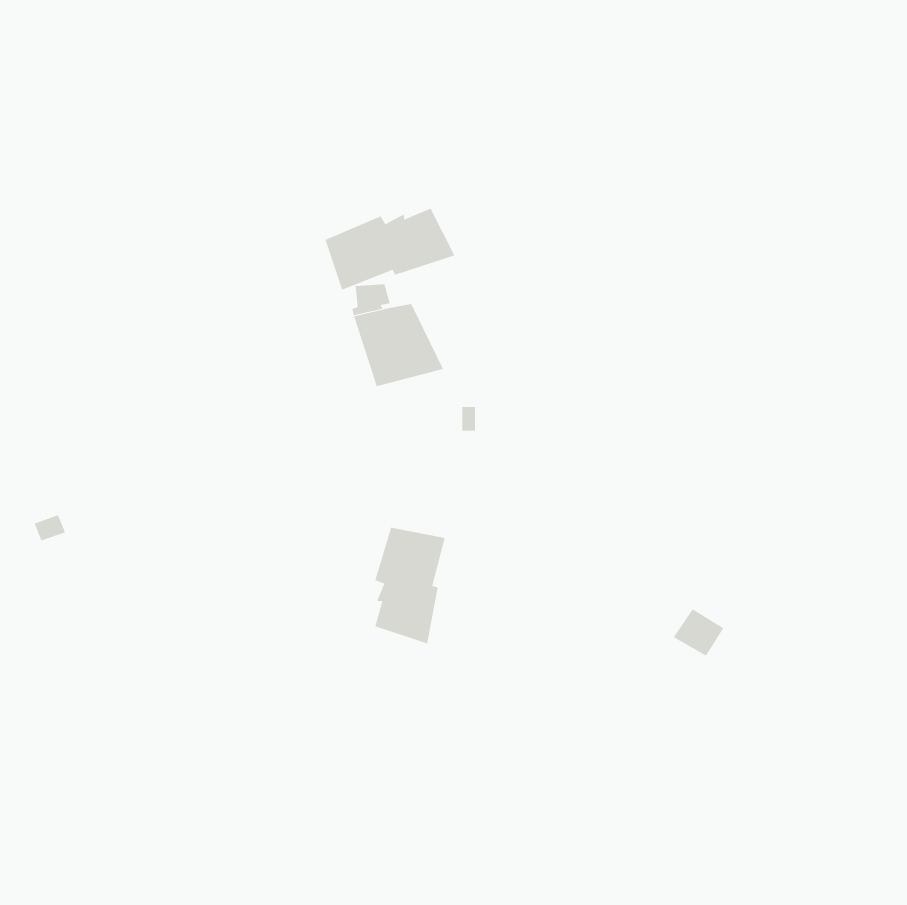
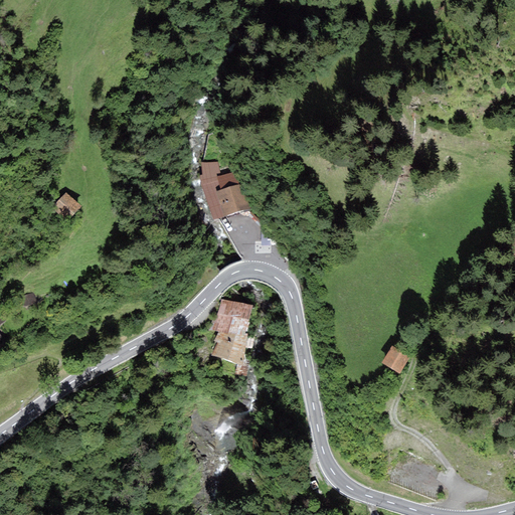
building: [325,208,455,290] -> none
building: none -> [53,192,81,219]

